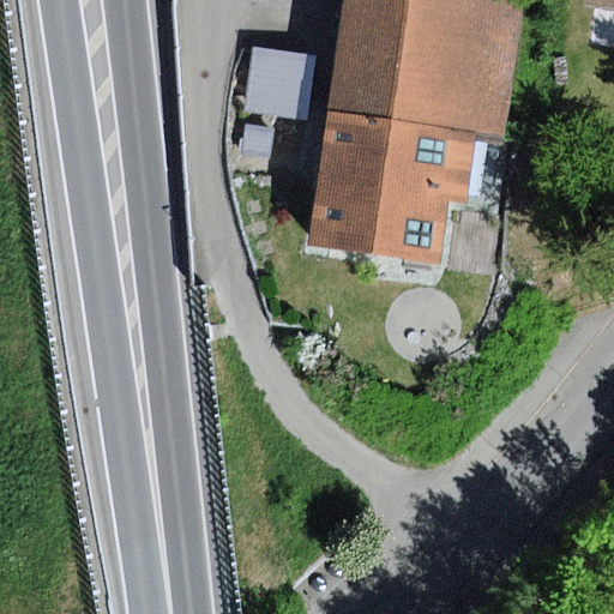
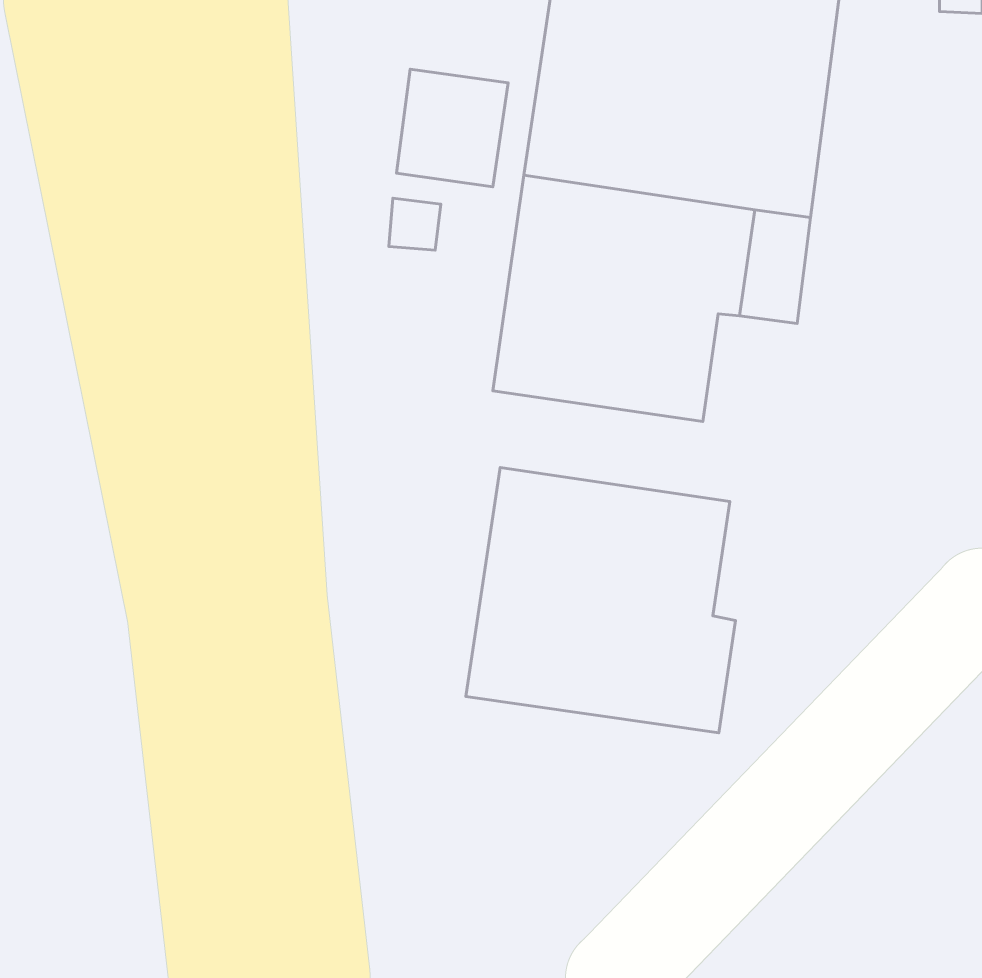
building: none -> [466,468,735,733]

